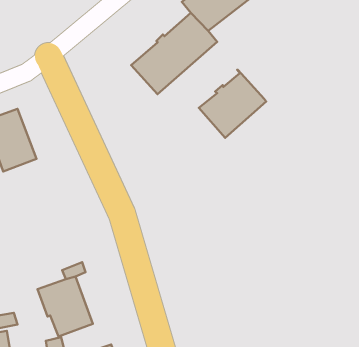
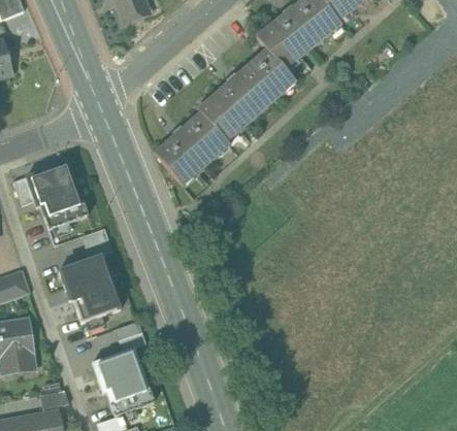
building: [199,70,266,138] -> [153,108,229,186]
building: none -> [61,248,123,322]

